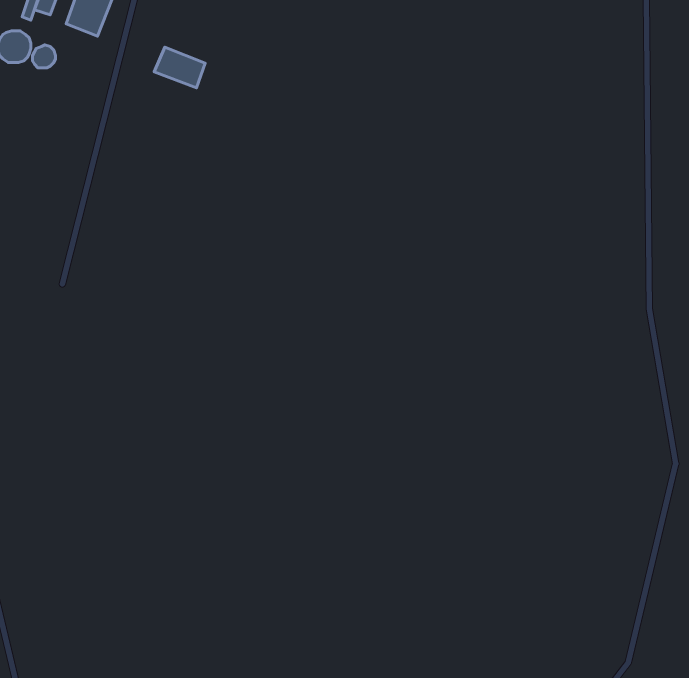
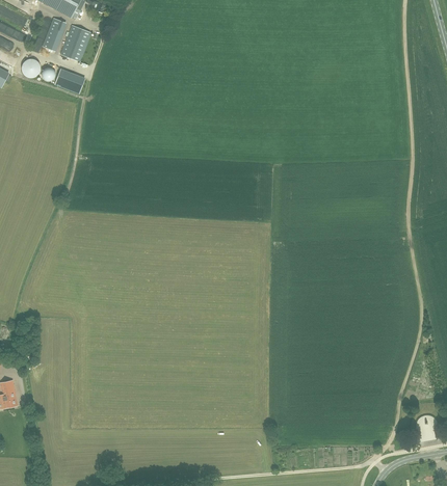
building: [154,47,205,88] -> [54,69,84,92]

